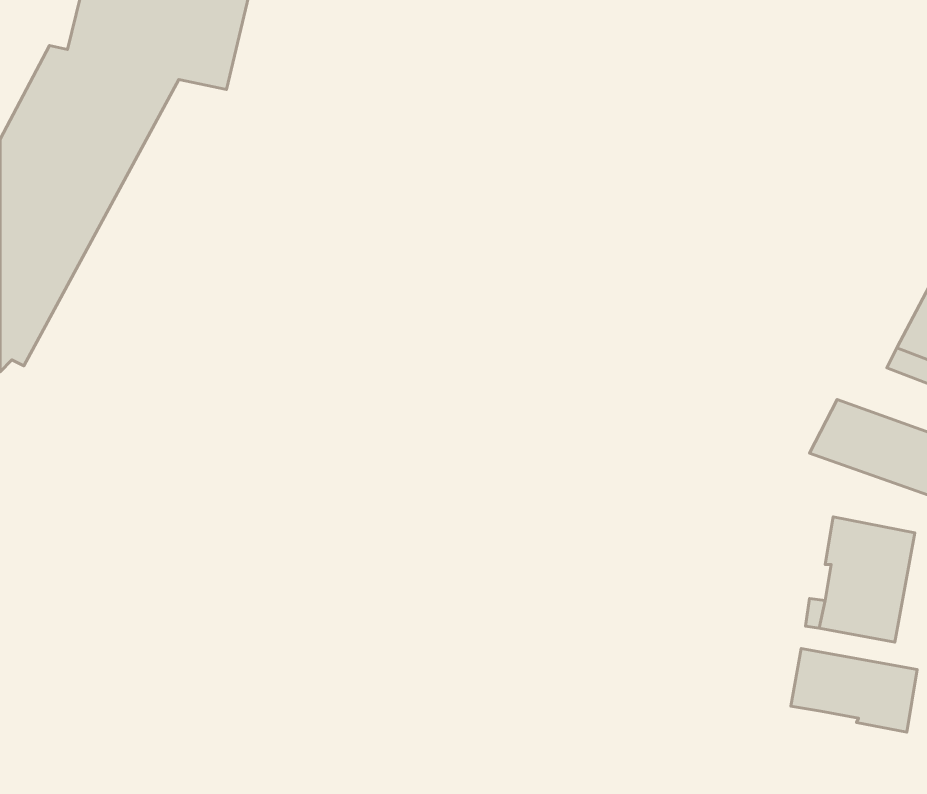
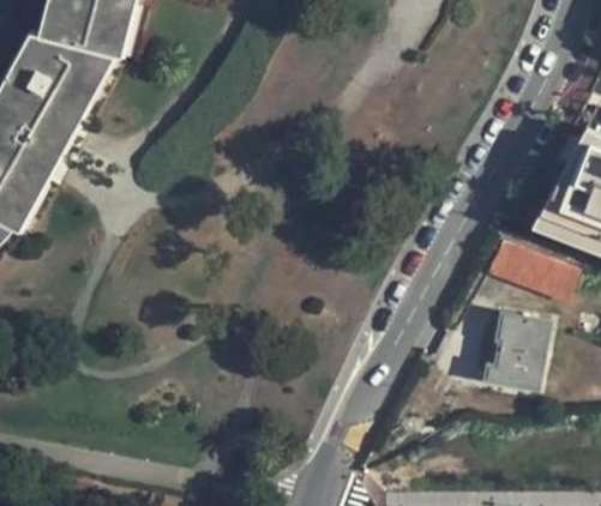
building: [791,649,917,732] -> none

